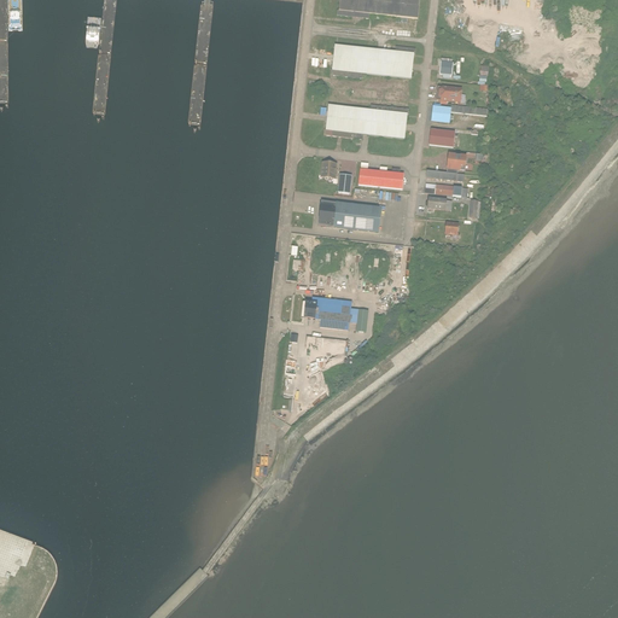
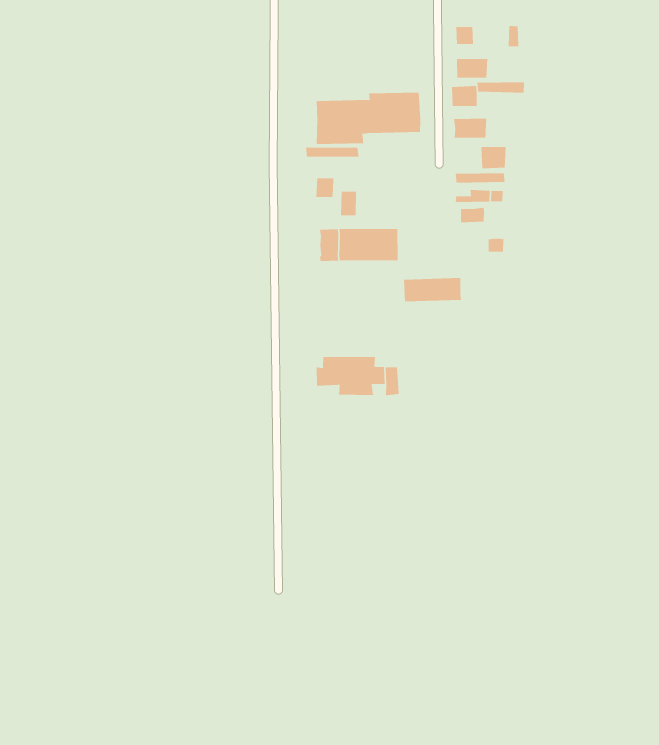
building: [331,43,412,77] -> none
building: [357,167,402,187] -> [403,278,462,302]

